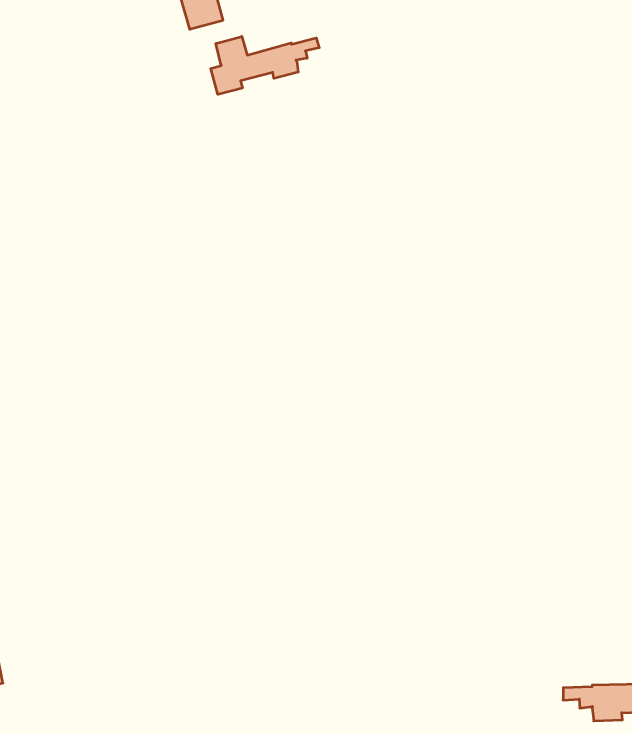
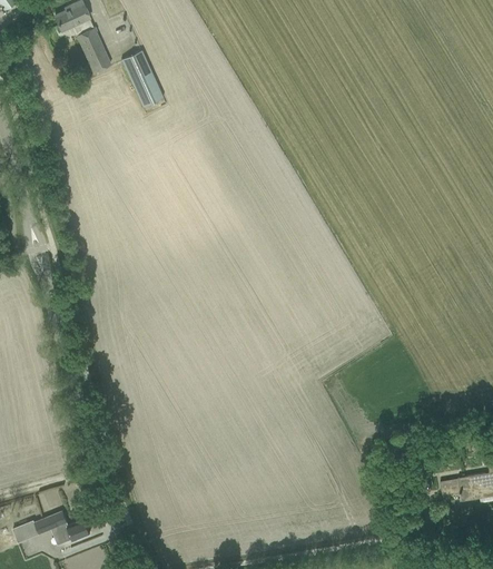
building: [211,36,319,94] -> none

